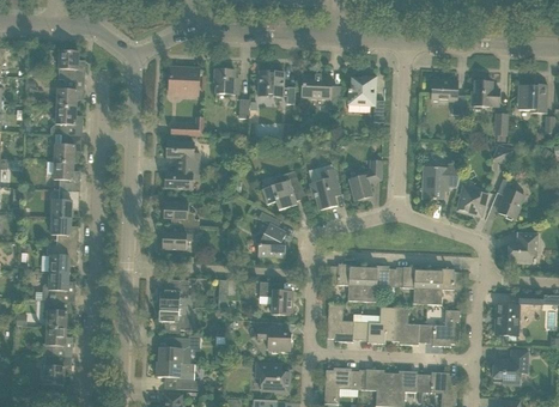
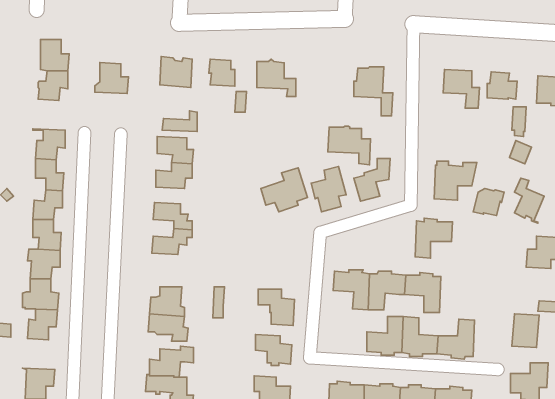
building: [300,73,340,109] -> [328,126,371,165]
building: [51,105,83,134] -> [95,62,128,93]
building: [255,209,286,256] -> none
building: [427,267,462,304] -> [415,218,453,258]
building: [327,304,360,341] -> none
building: [42,327,73,356] -> none

